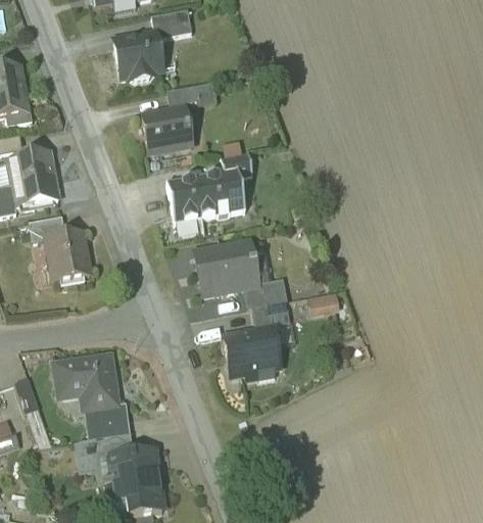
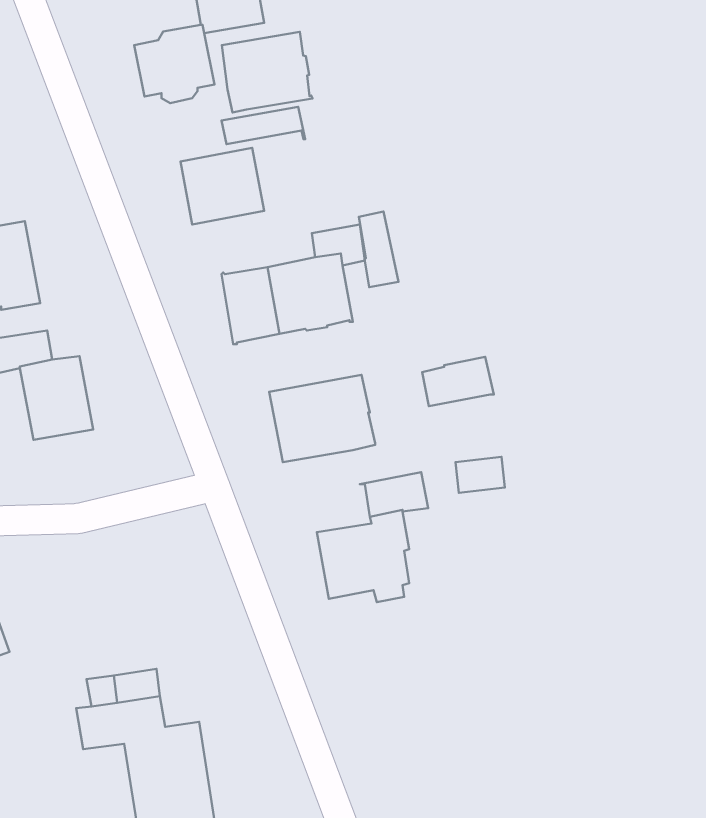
building: none -> [222,32,313,112]
building: none -> [359,211,399,287]
building: [245,277,288,306] -> [422,357,494,406]
building: [55,354,116,409] -> none

